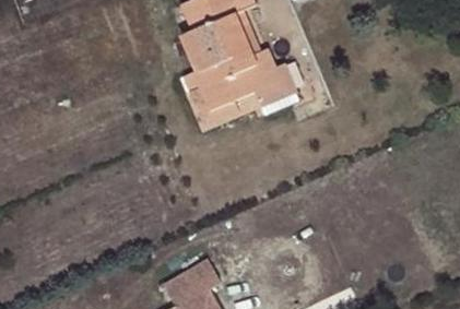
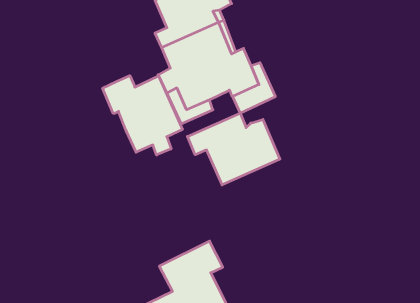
building: none -> [103,76,182,155]
building: none -> [187,113,280,185]

